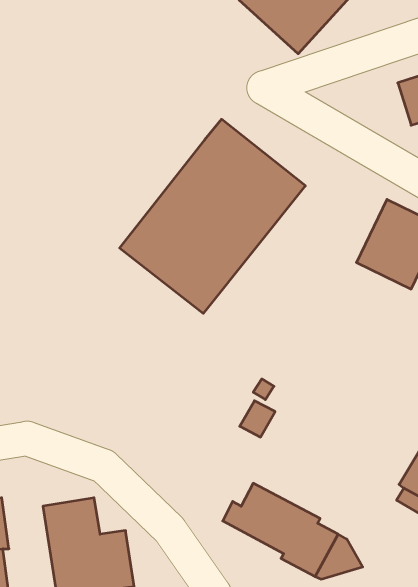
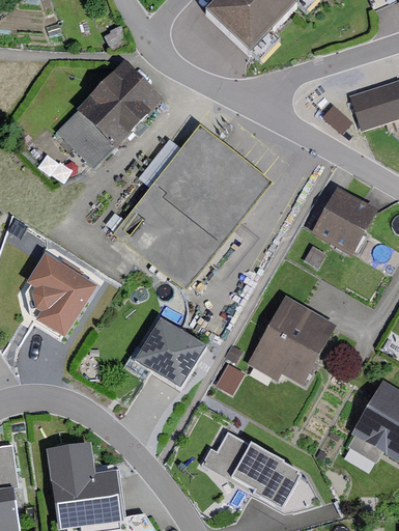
building: none -> [56,58,163,166]
building: none -> [24,255,95,341]
building: none -> [253,303,339,389]
building: none -> [134,317,205,388]

